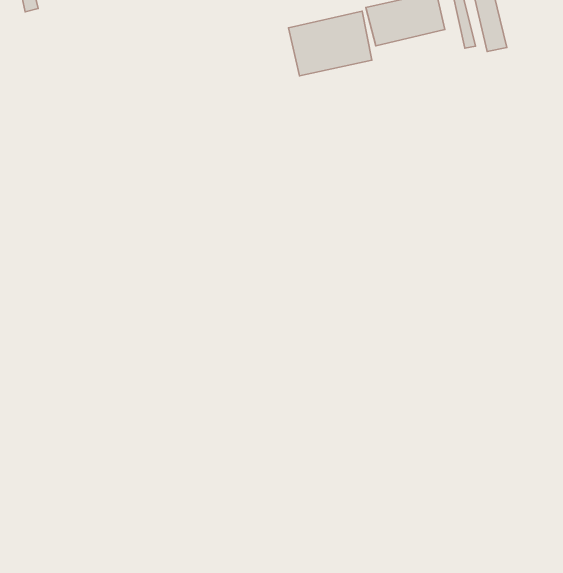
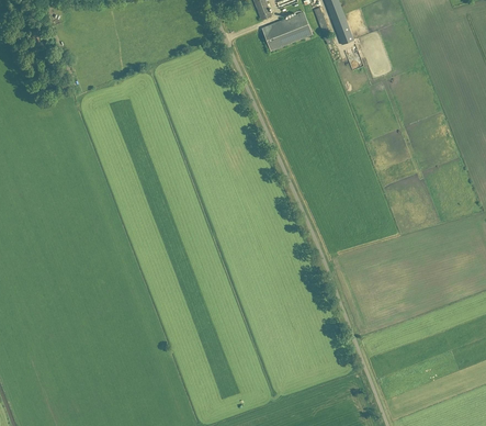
building: [288,11,372,76] -> none

